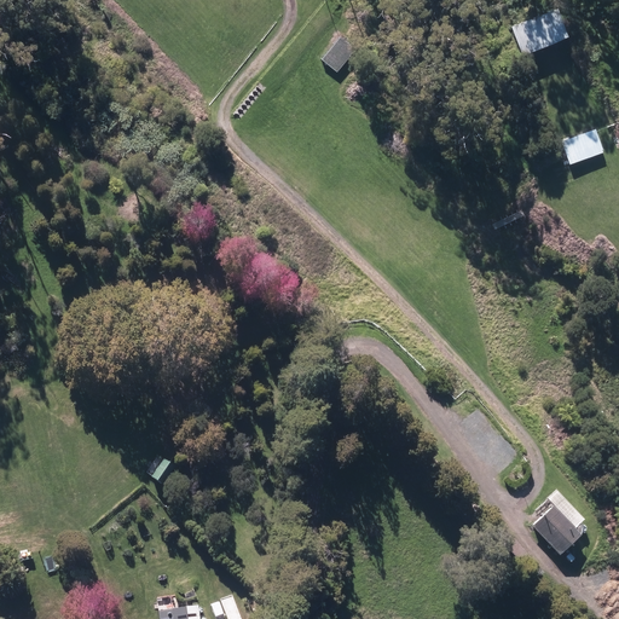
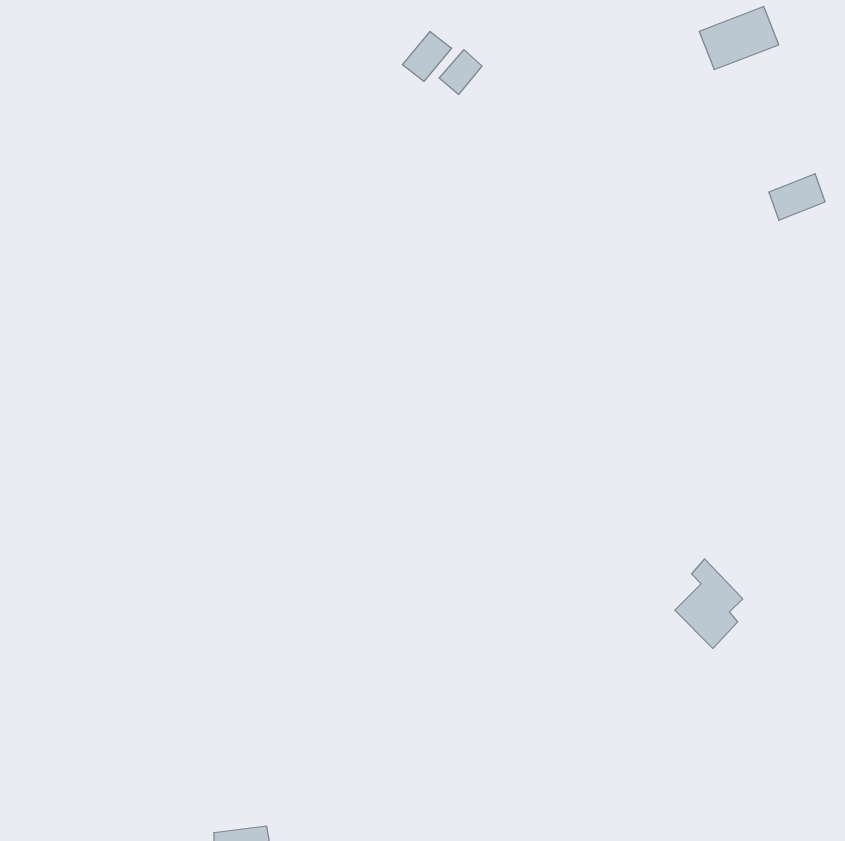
building: none -> [402,31,452,81]
building: [533,490,583,555] -> [675,559,743,648]

